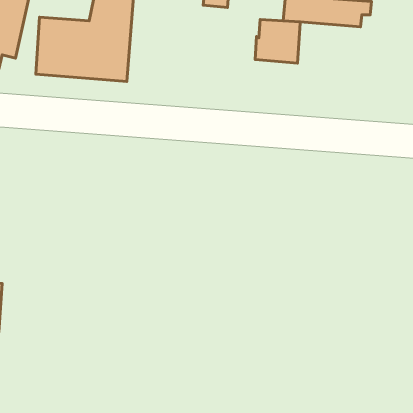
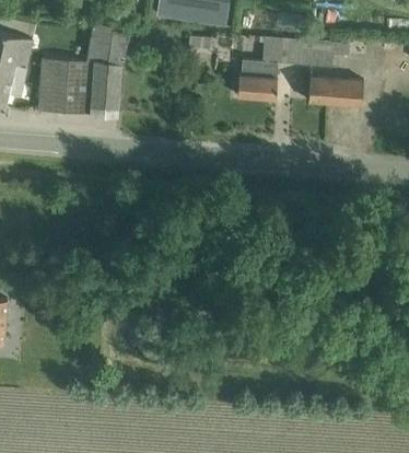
building: none -> [305,75,360,106]

